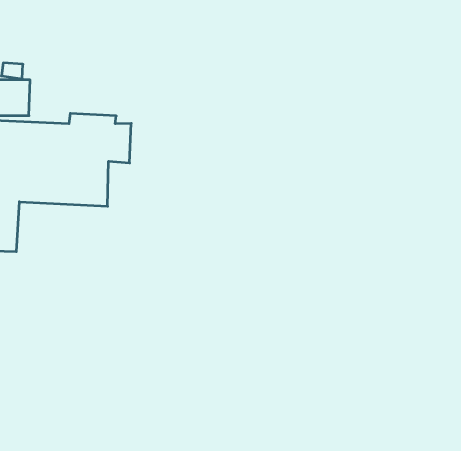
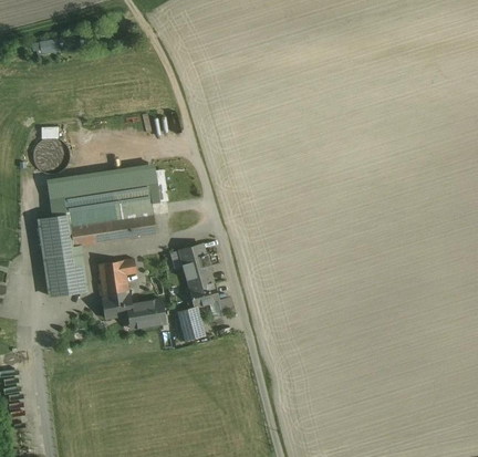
building: none -> [93,258,163,328]
building: none -> [177,247,220,349]

